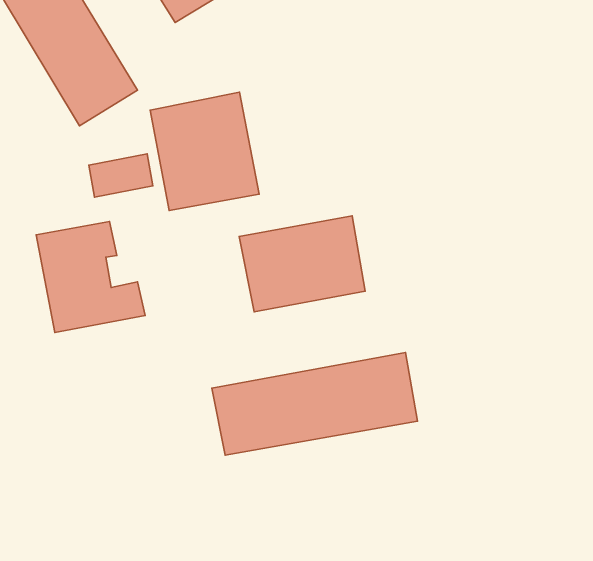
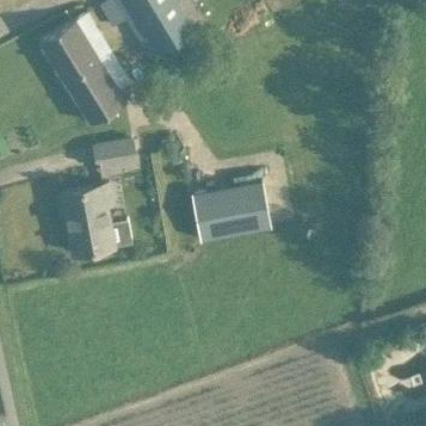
building: [150,92,259,210] -> none
building: [212,353,417,455] -> none

